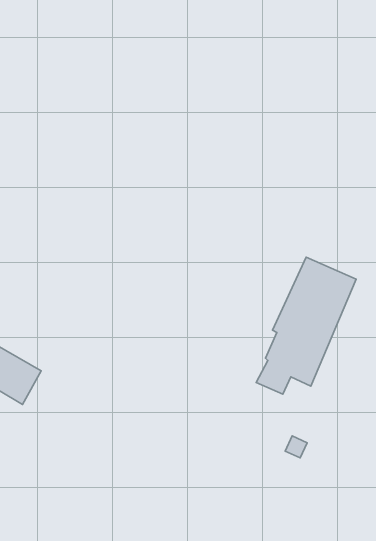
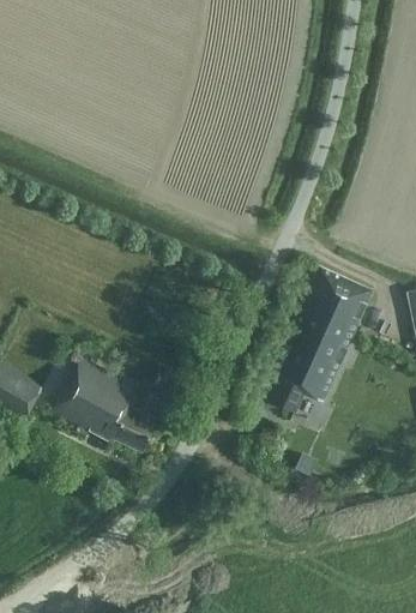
building: none -> [50,354,157,451]

